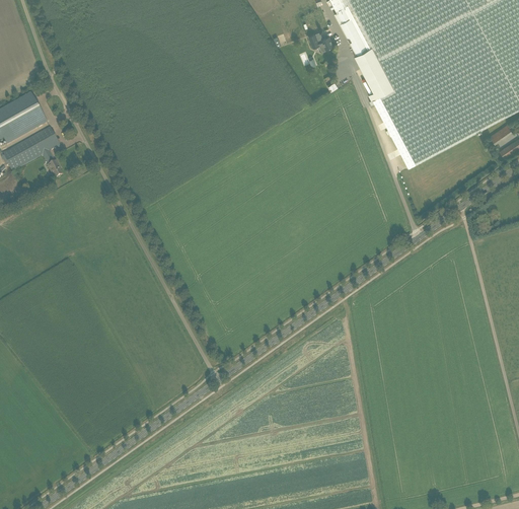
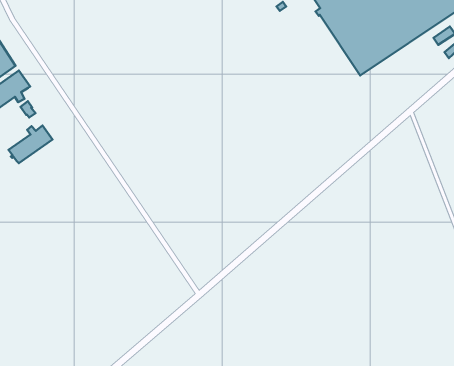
building: none -> [9,125,53,163]

